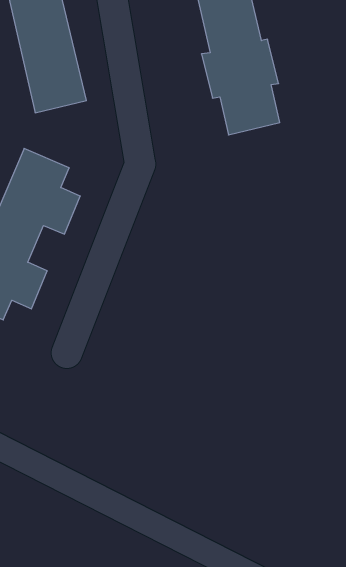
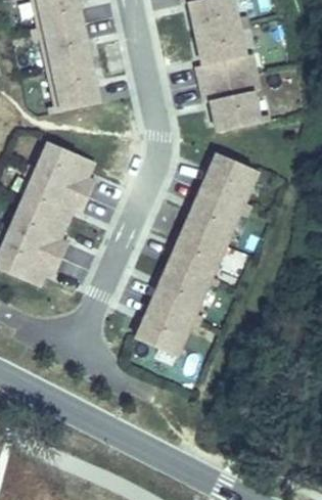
building: none -> [138,150,258,353]

